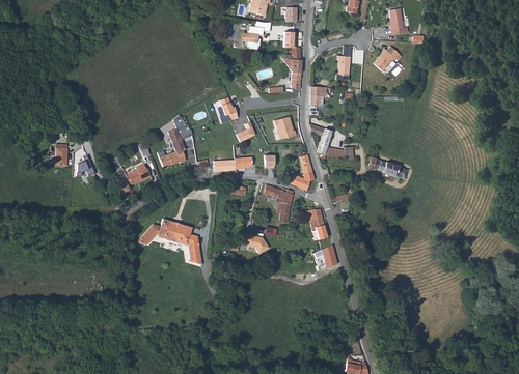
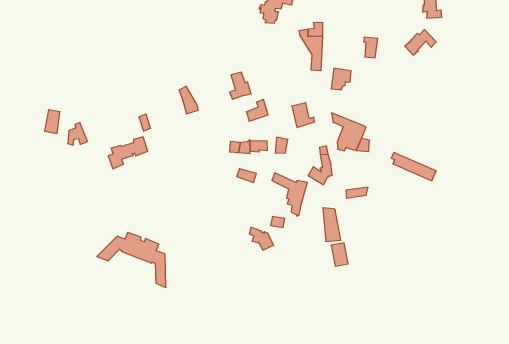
building: [158,127,187,168] -> none
building: [138,218,202,264] -> [97,233,166,287]

